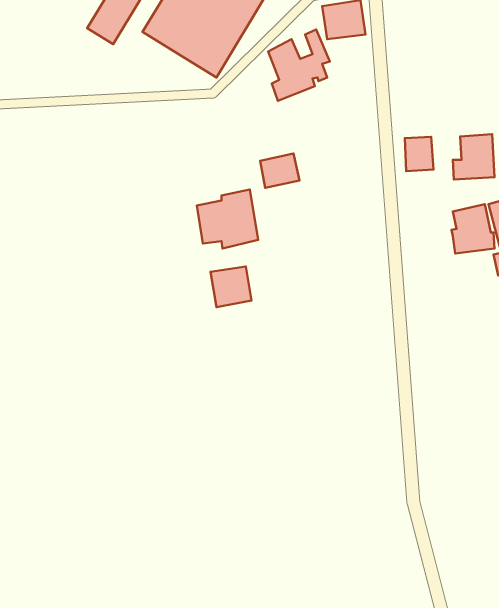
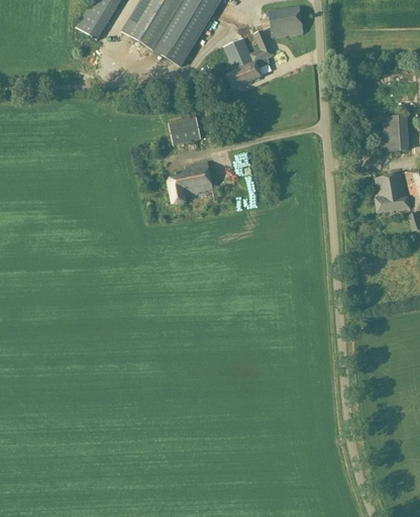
building: [405,137,434,171] -> none
building: [260,153,300,188] -> [169,116,201,144]
building: [210,266,251,307] -> none

